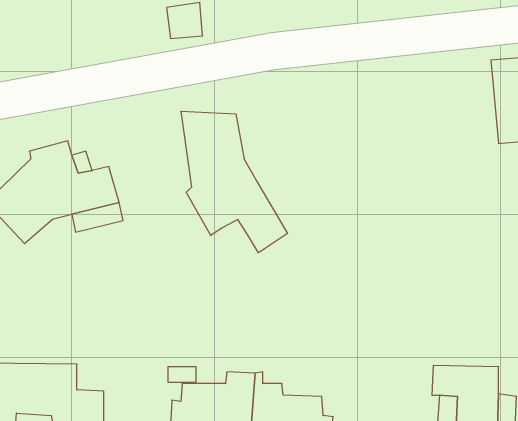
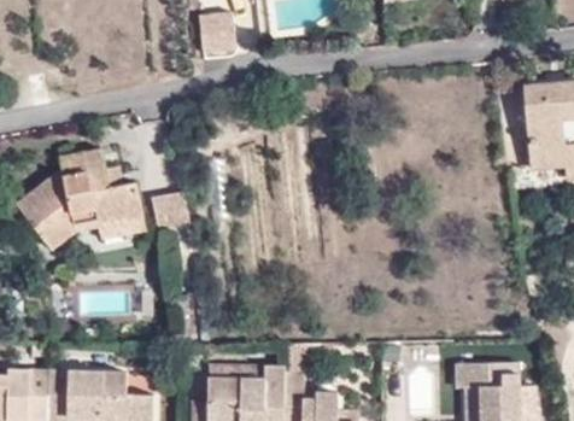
building: [181,111,287,253] -> none

